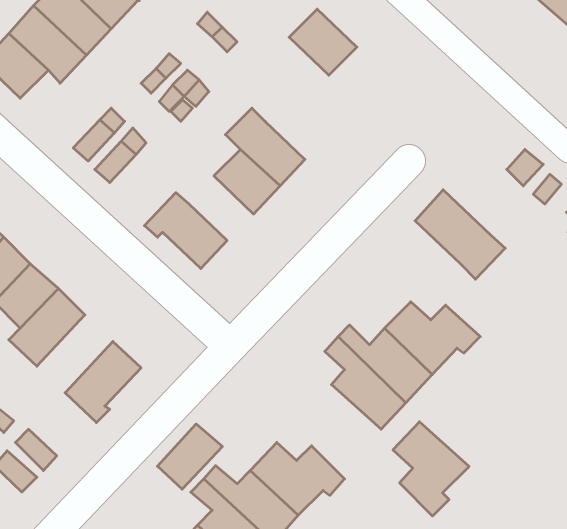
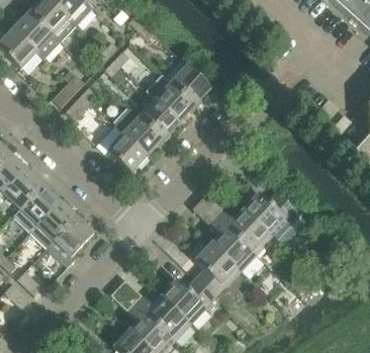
building: [289,9,357,75] -> [170,64,211,104]
building: none -> [123,114,163,154]
building: [415,190,505,279] -> none
building: none -> [30,199,77,247]
building: [393,422,469,516] -> [194,242,241,299]
building: [157,424,222,489] -> none

